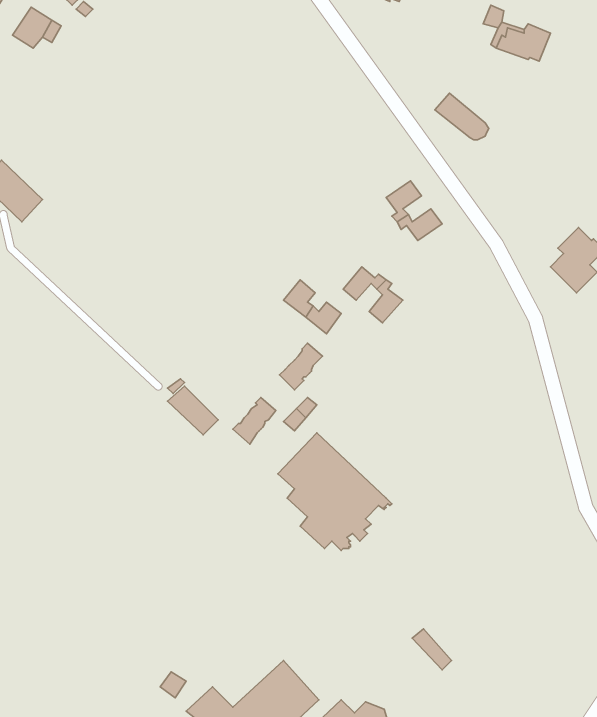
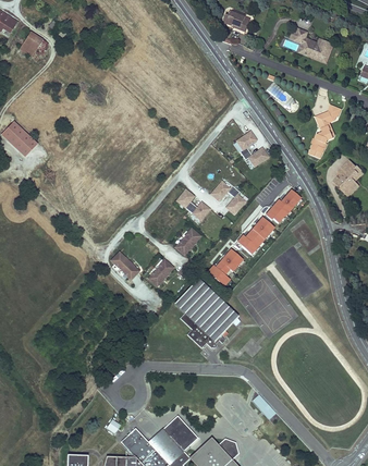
building: none -> [311,105,340,158]
building: none -> [235,189,300,255]
building: none -> [205,248,243,289]

